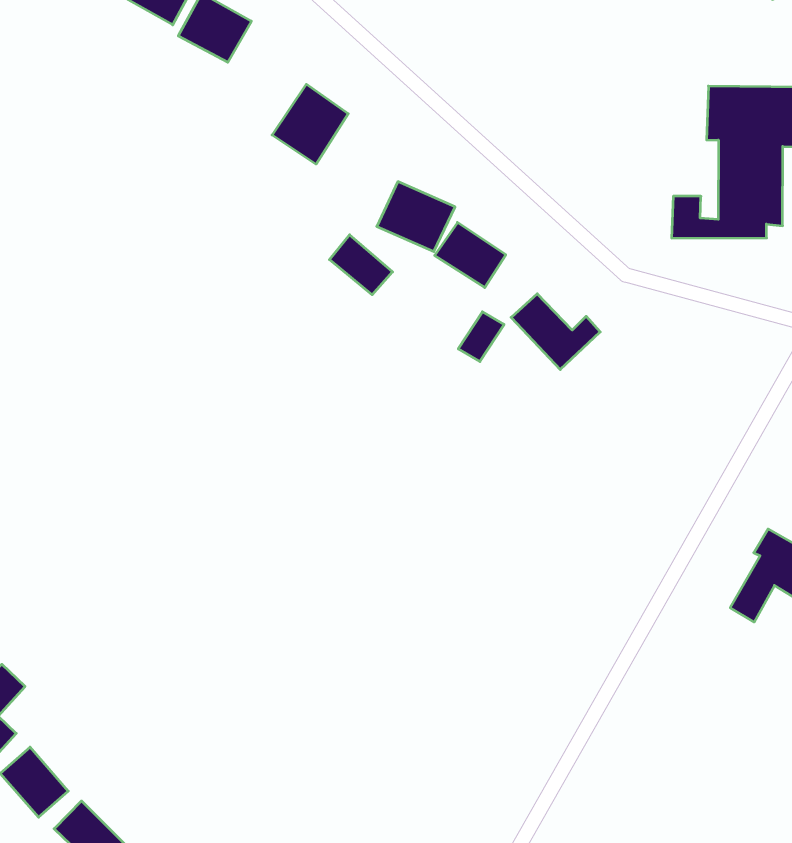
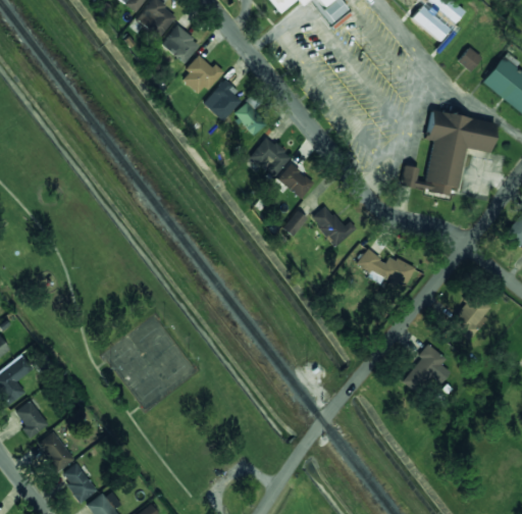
building: none -> [182,54,223,96]
building: [329,235,393,295] -> [234,102,266,135]
building: none -> [357,249,413,288]

